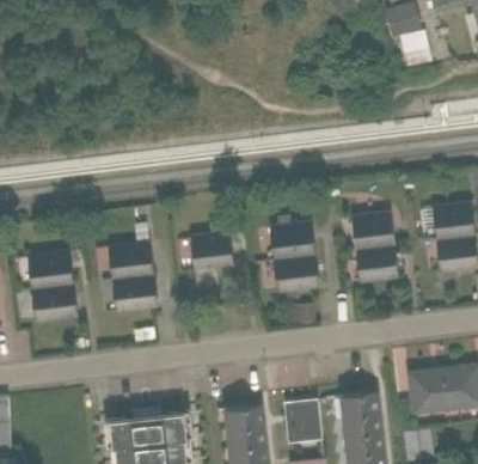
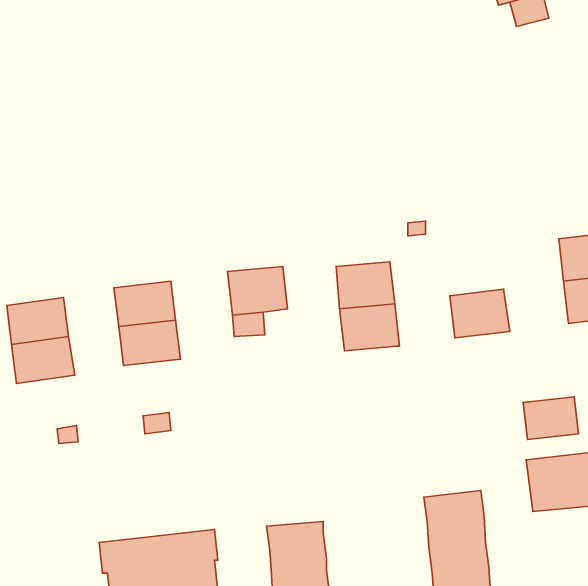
building: [354,213,397,249] -> none
building: none -> [523,397,579,440]
building: [287,407,323,447] -> none

